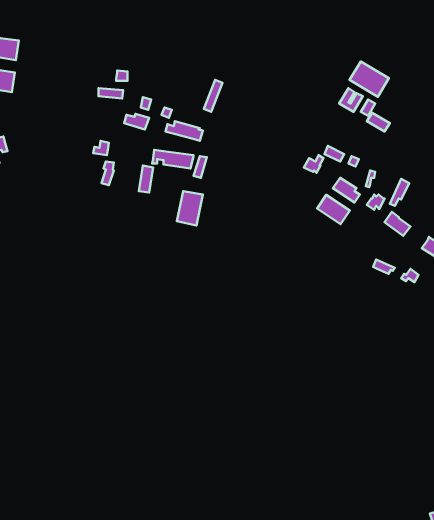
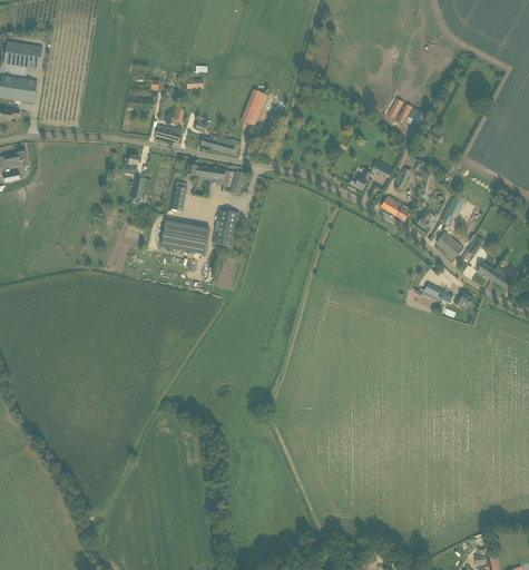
building: [350,61,389,97] -> none
building: [317,195,350,224] -> none
building: none -> [160,219,208,253]

